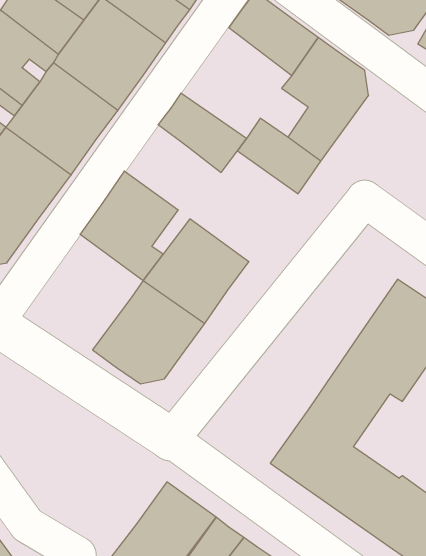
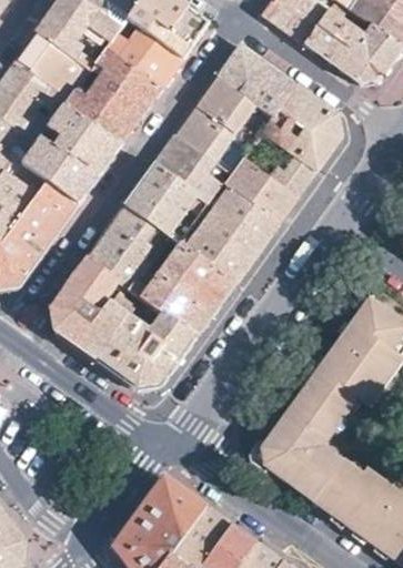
building: none -> [175,74,273,172]
building: none -> [125,160,202,235]
building: none -> [183,183,279,281]
building: none -> [51,256,142,358]

